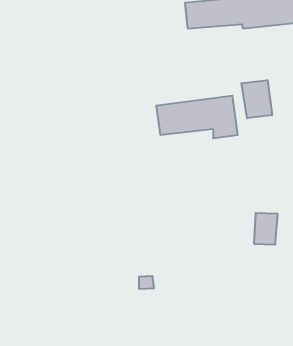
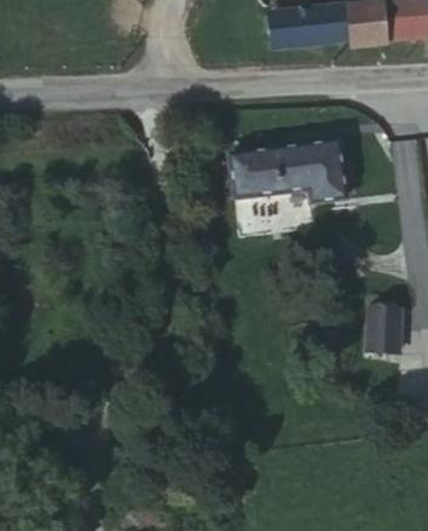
building: [241,80,272,118] -> none

